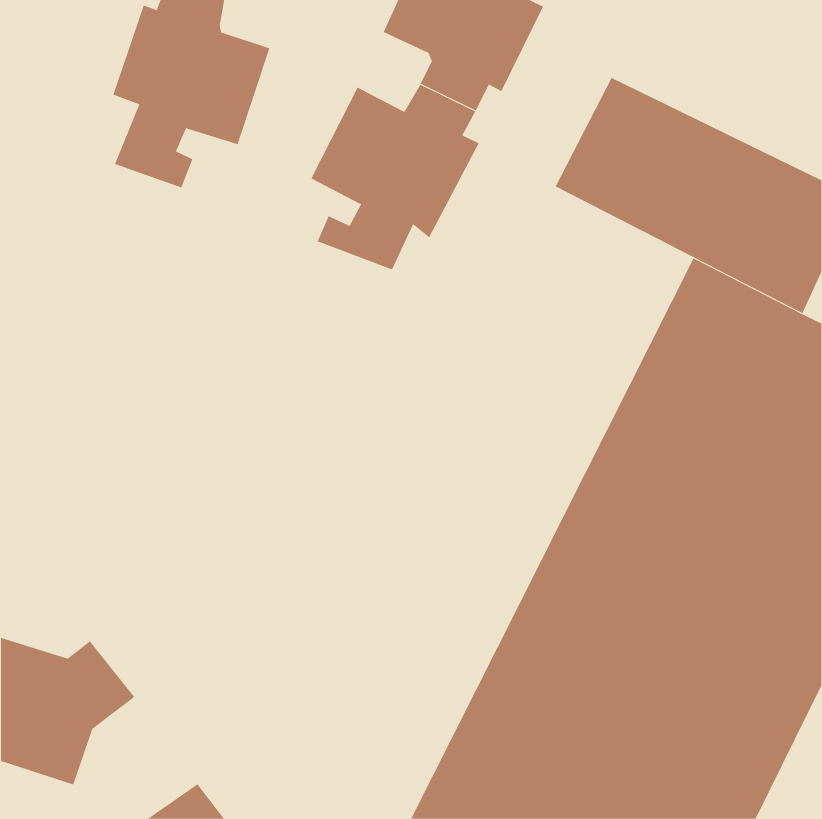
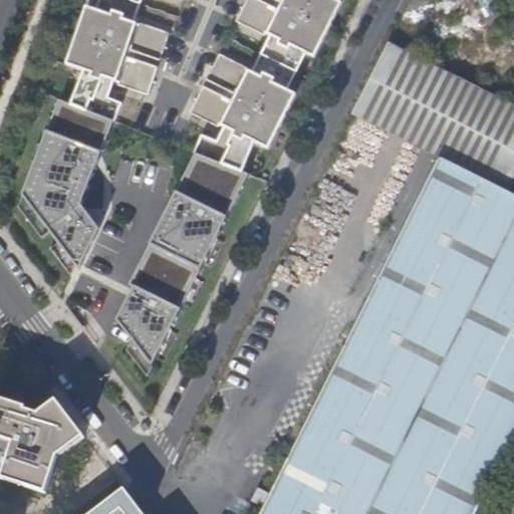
building: none -> [24,98,113,266]
building: none -> [120,151,251,362]

